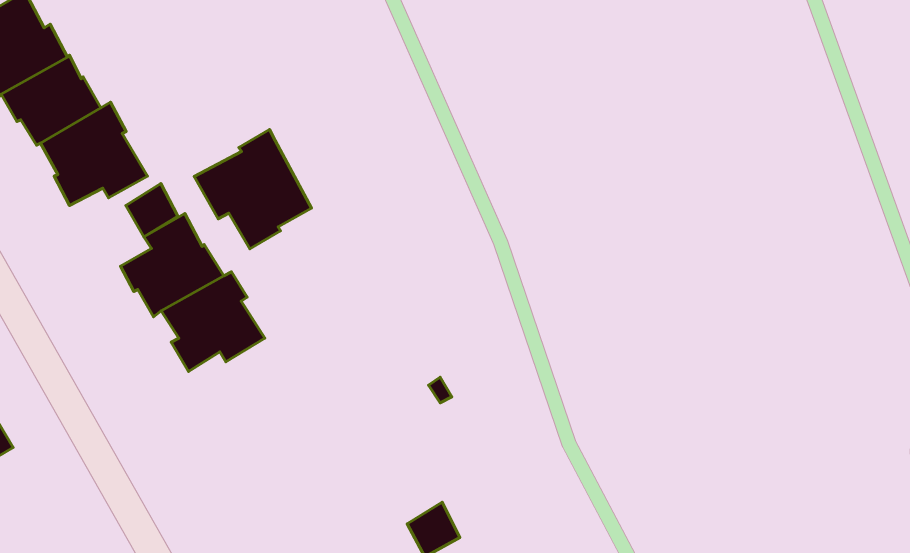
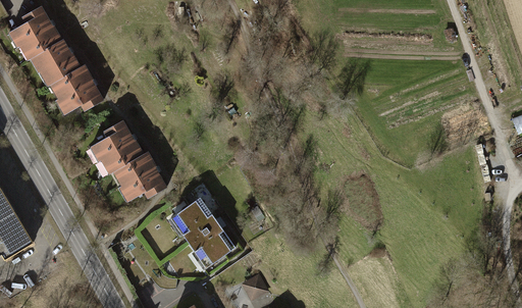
building: [194,130,312,249] -> none
building: [126,183,178,237] -> none
building: none -> [166,195,238,273]

